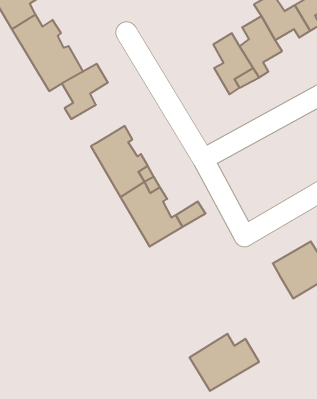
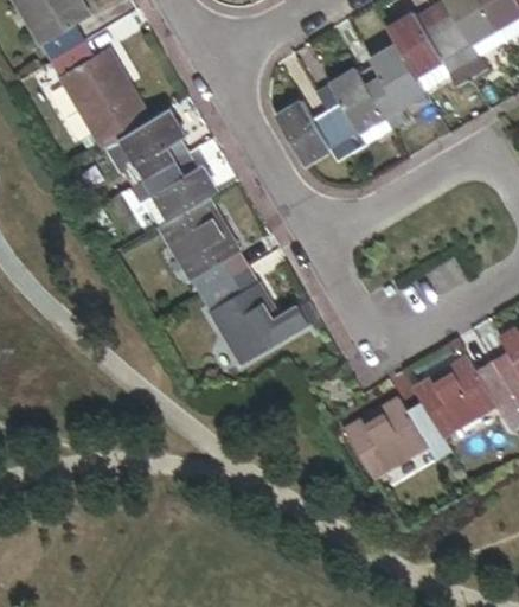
building: none -> [276,98,353,162]
building: none -> [133,165,217,219]
building: [189,334,259,391] -> [345,397,442,477]

